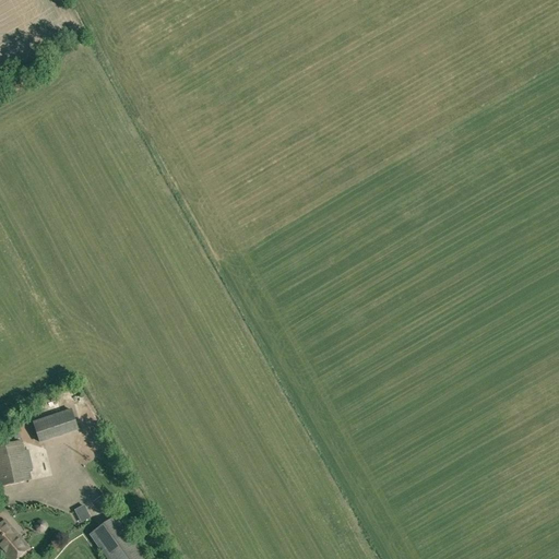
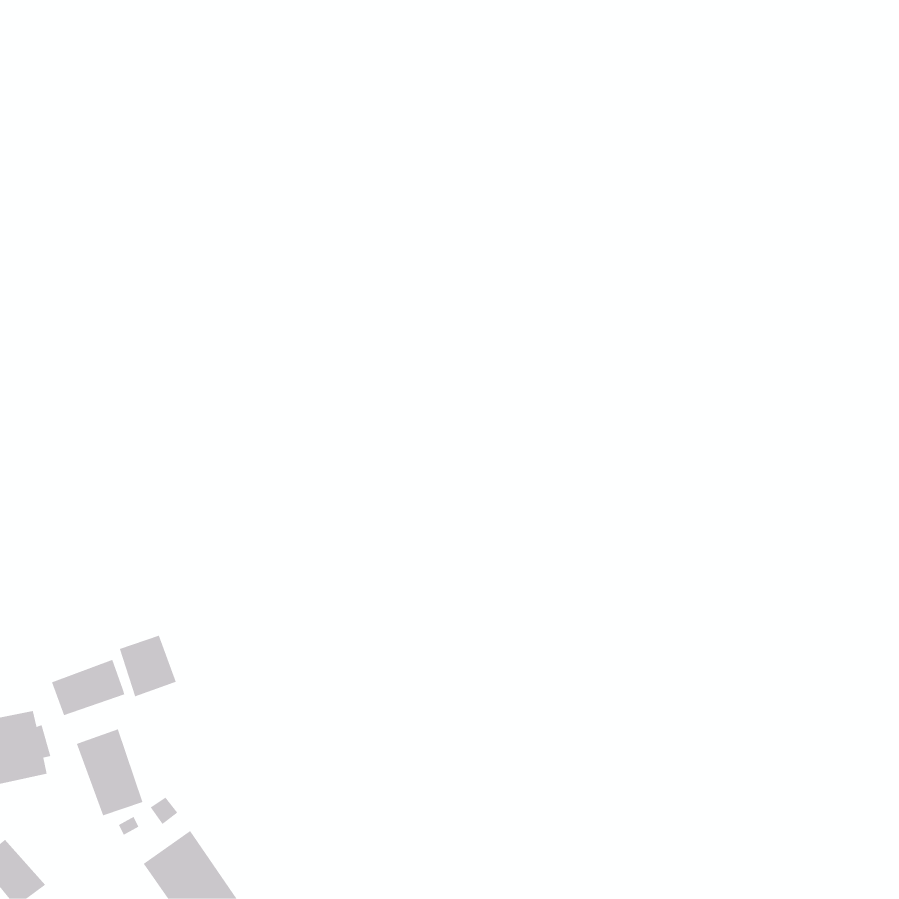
building: none -> [119,635,176,697]
building: none -> [76,728,143,816]

